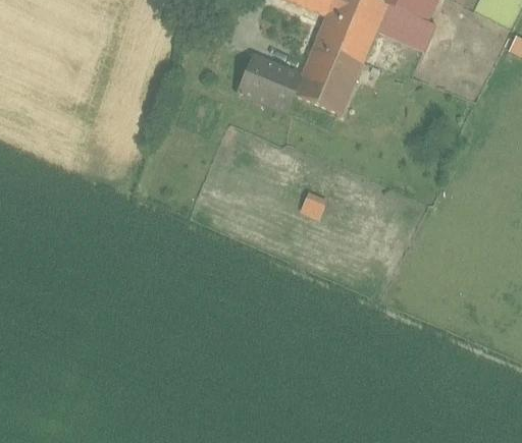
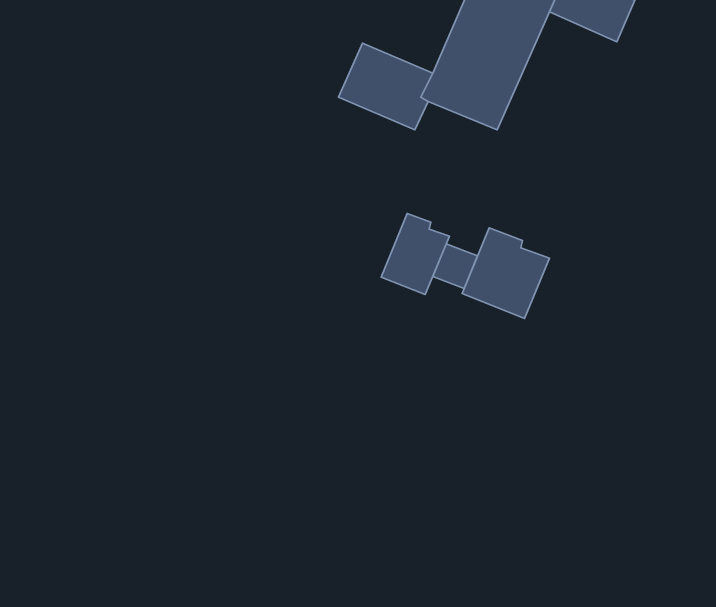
building: none -> [381,213,449,294]
building: none -> [462,228,549,318]

